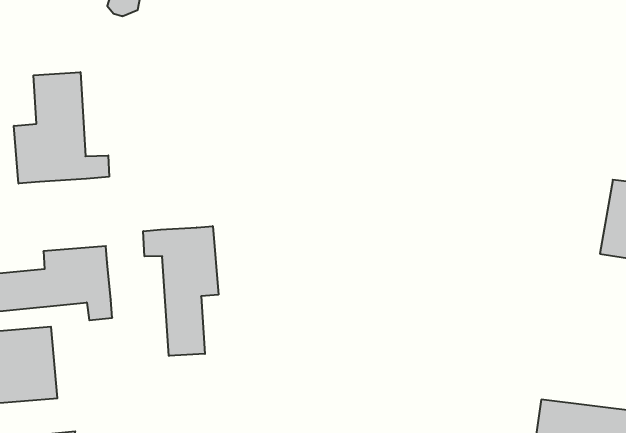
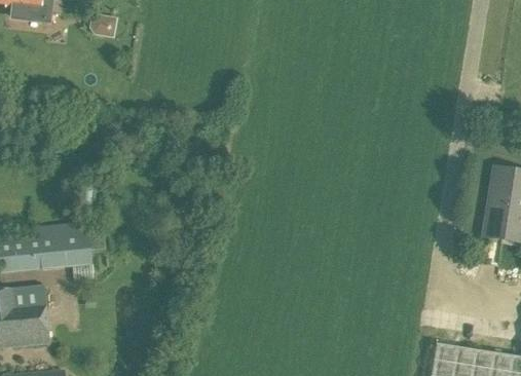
building: [14,72,109,184] -> none
building: [143,226,218,356] -> none

